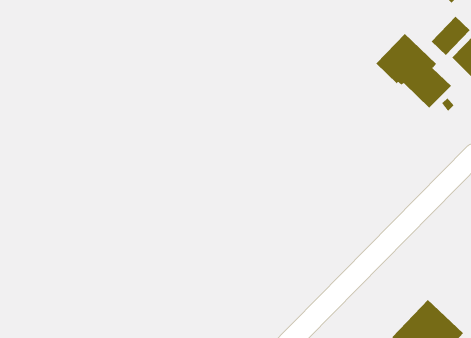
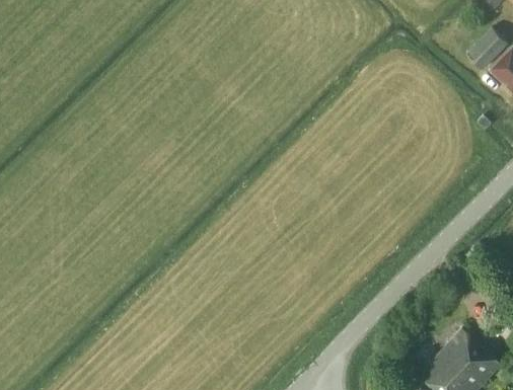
building: [376,33,452,109] -> none

